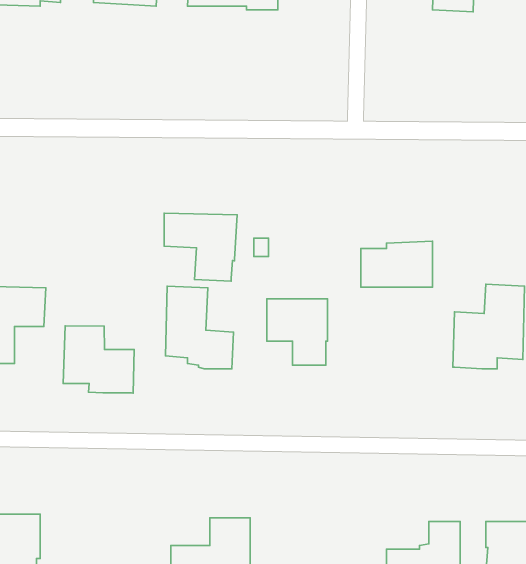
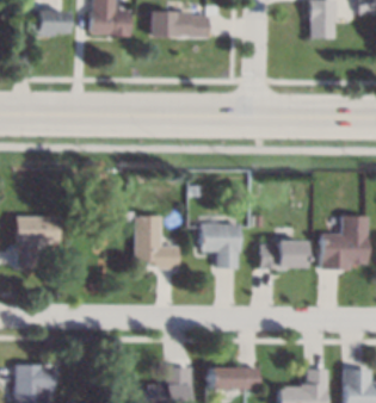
building: [164,213,237,281] -> none
building: [361,241,433,287] -> [259,240,306,269]
building: [63,326,134,393] -> none
building: none -> [210,366,258,389]

